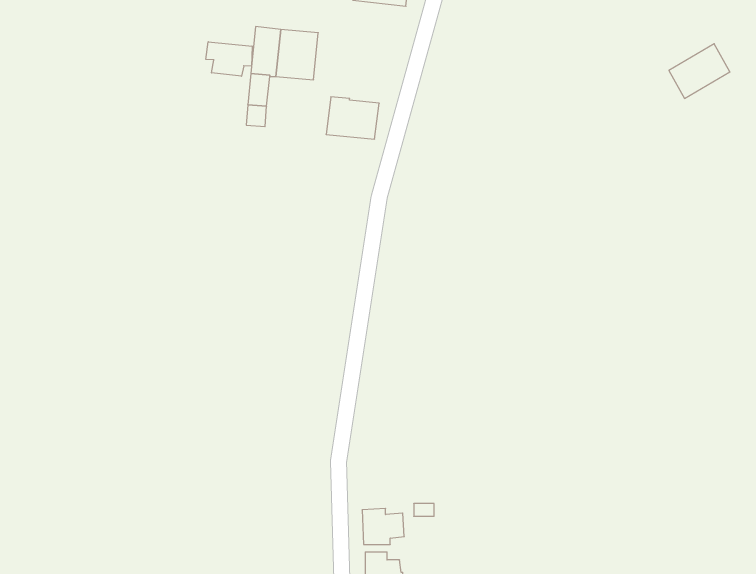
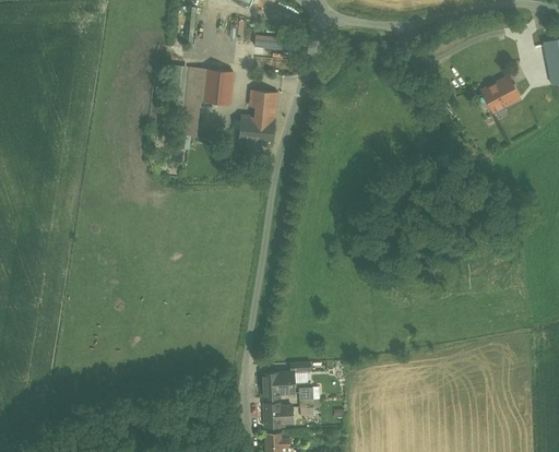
building: [206,42,252,76] -> none
building: none -> [249,88,277,119]
building: none -> [262,371,290,397]

